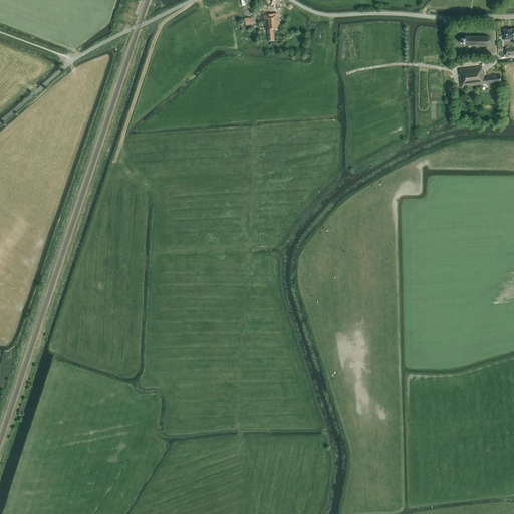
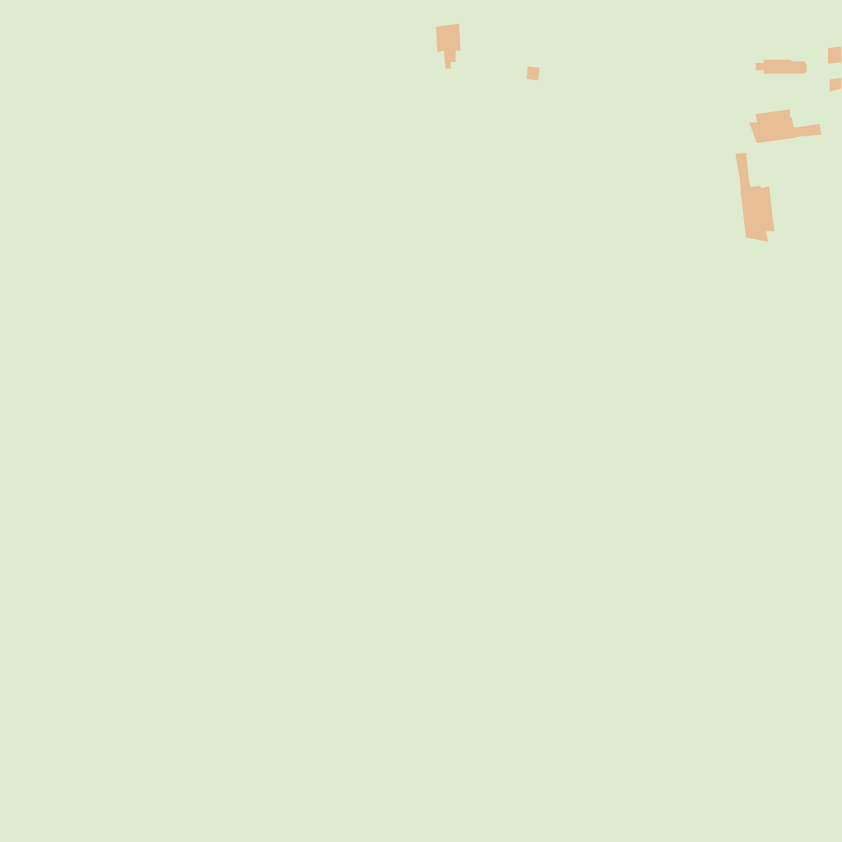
building: none -> [735,152,775,242]

